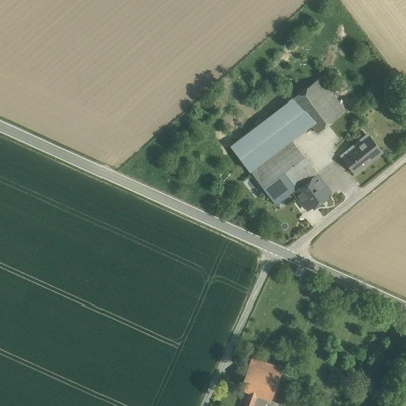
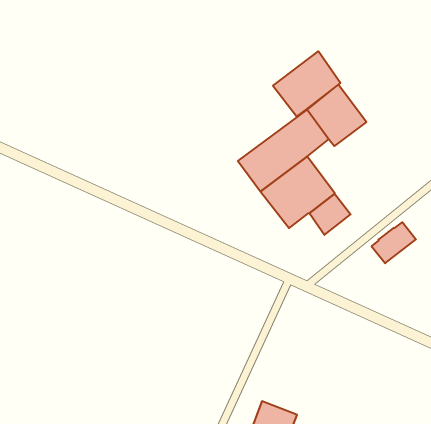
building: none -> [273,51,340,116]
building: [343,137,382,173] -> [372,222,416,263]

